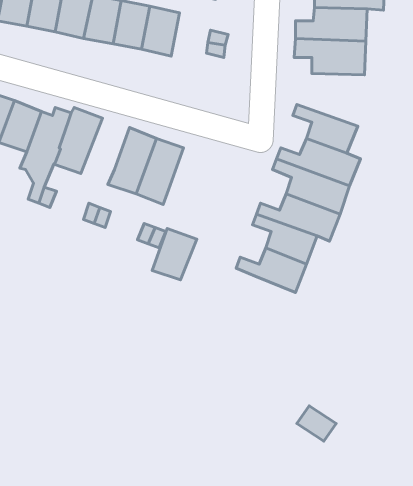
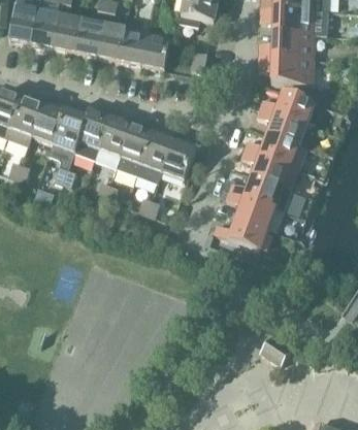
building: none -> [260,91,315,124]
building: none -> [95,118,132,168]
building: [152,228,197,280] -> [162,140,196,179]

